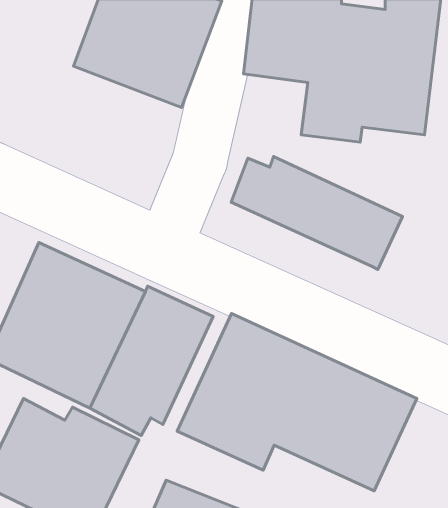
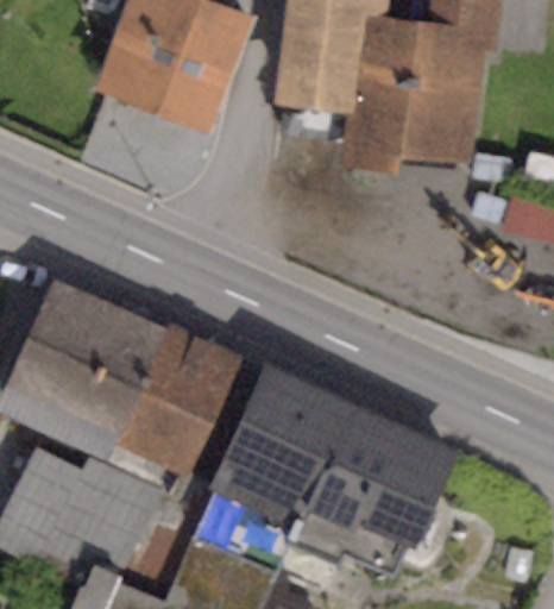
building: [231,157,402,269] -> none

